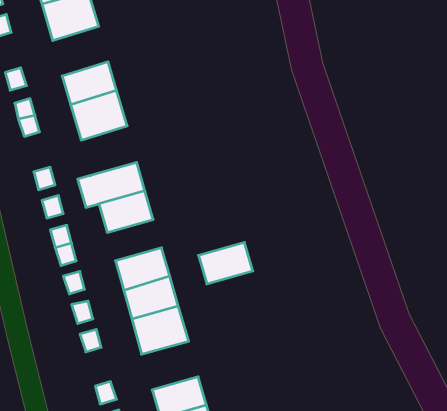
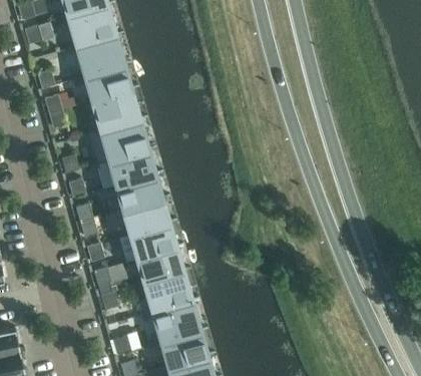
building: none -> [77,35,124,77]
building: none -> [101,119,148,161]
building: [198,242,253,284] -> [123,199,169,234]
building: none -> [152,302,200,343]

